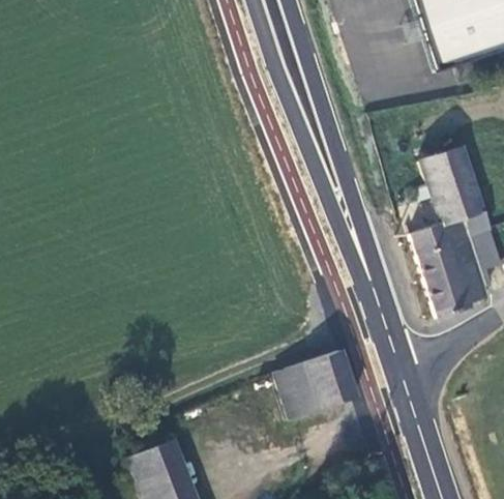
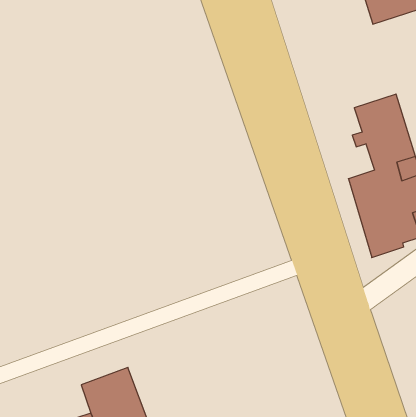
building: [280,349,360,417] -> none

